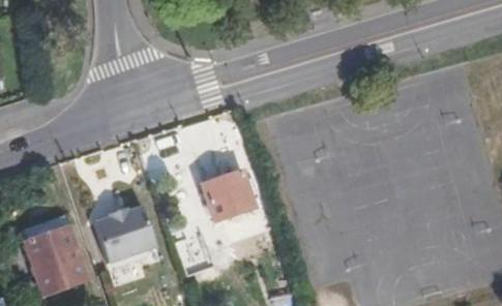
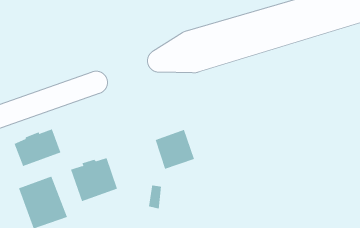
building: none -> [14,128,61,167]

